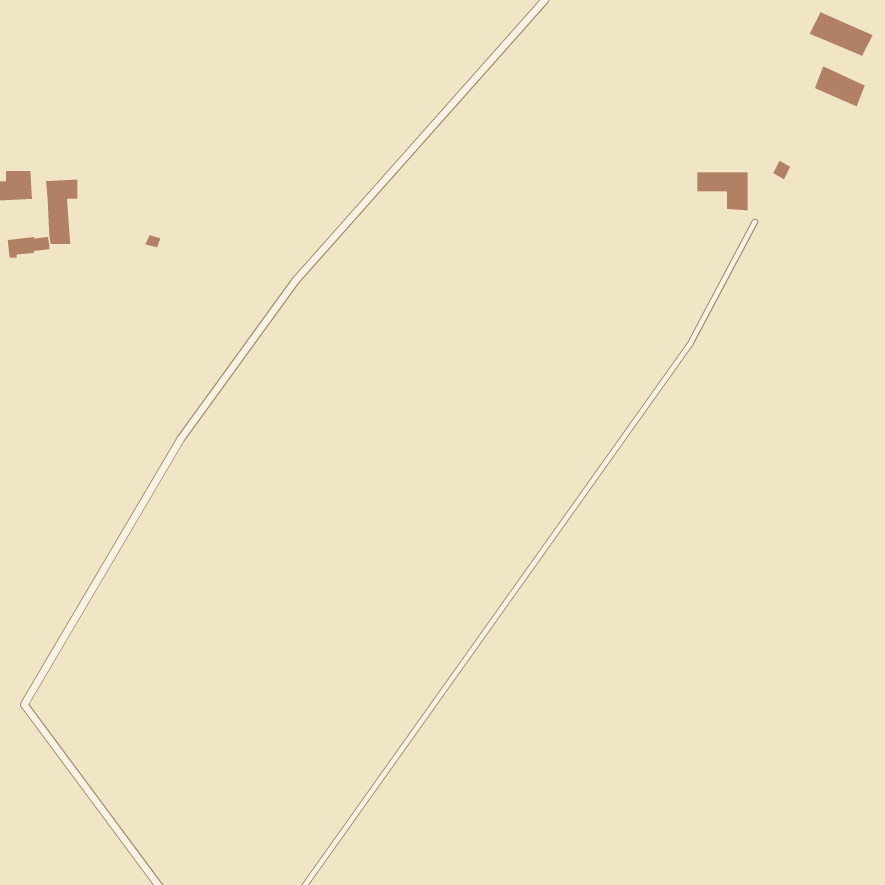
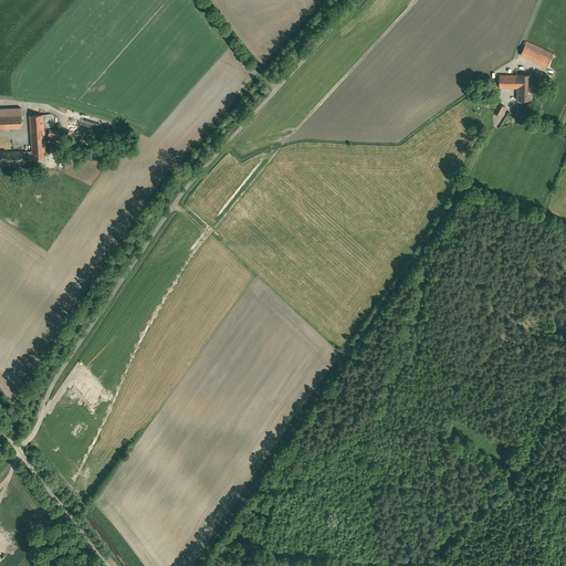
building: [809,11,874,57] -> none
building: [697,171,749,211] -> [496,77,530,103]

